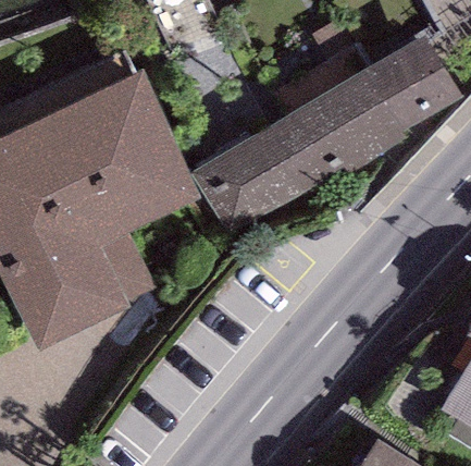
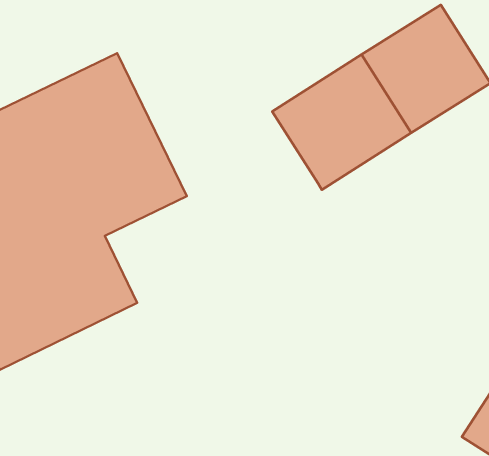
building: [191,122,313,237] -> none

